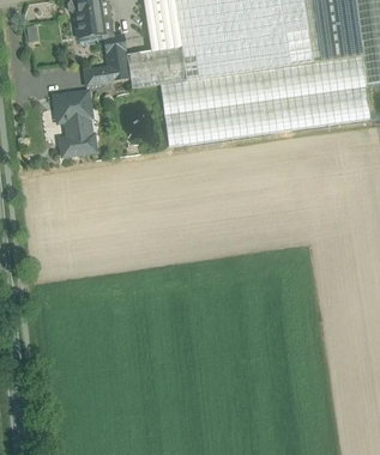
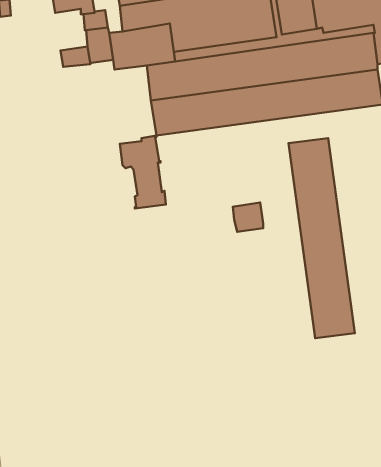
building: [55,91,96,156] -> [120,136,166,209]
building: none -> [288,138,355,338]
building: none -> [233,203,263,232]

